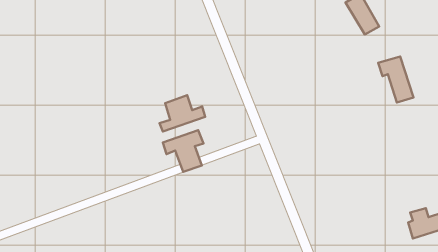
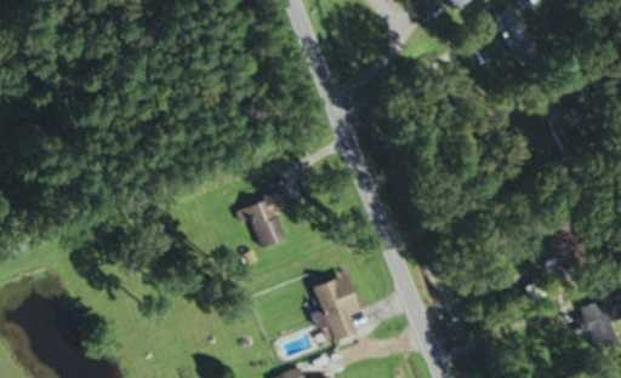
building: [159,95,205,132] -> none
building: none -> [315,275,364,344]

